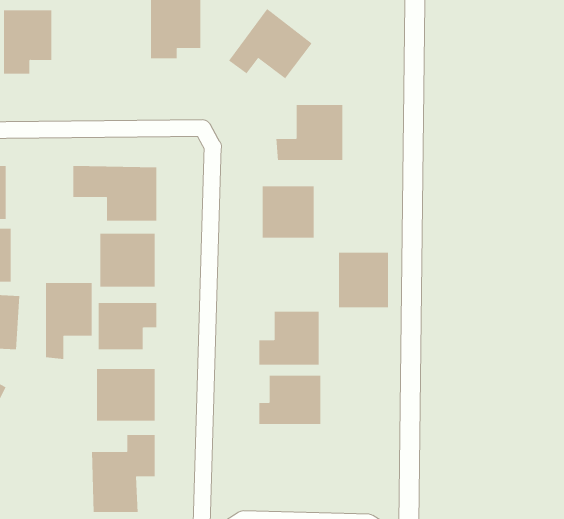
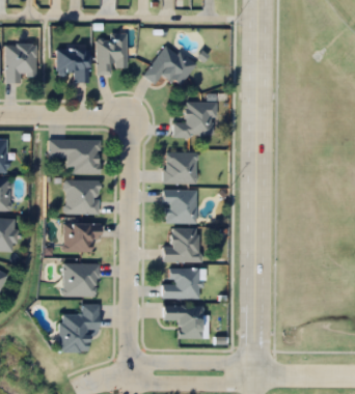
building: none -> [56,49,88,82]
building: [338,252,389,308] -> [164,189,195,223]
building: [45,282,92,360] -> none
building: none -> [163,305,202,338]

